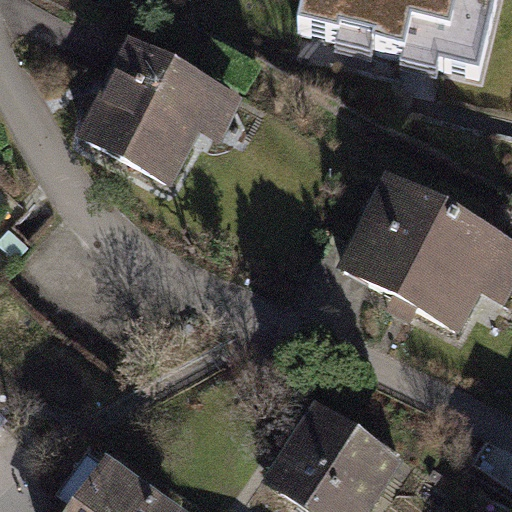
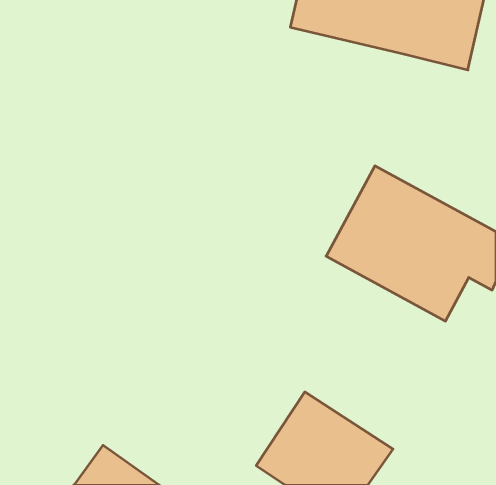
building: [78,37,243,184] -> none

